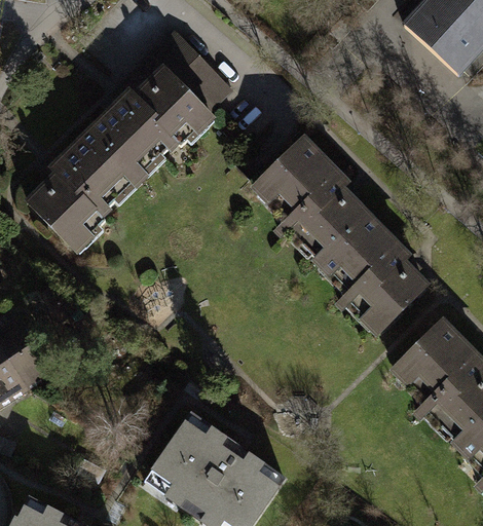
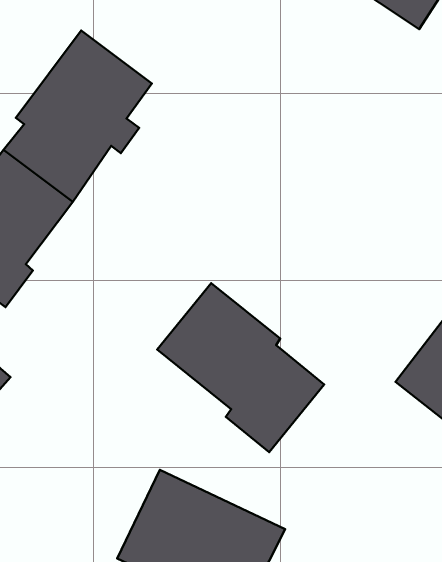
building: [254,136,437,328] -> none
building: none -> [157,283,324,452]

